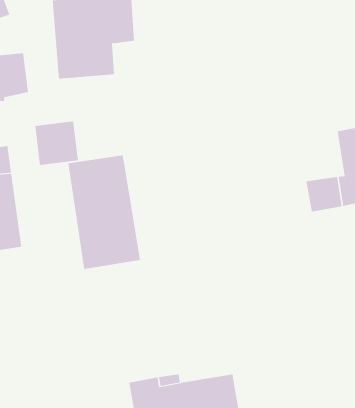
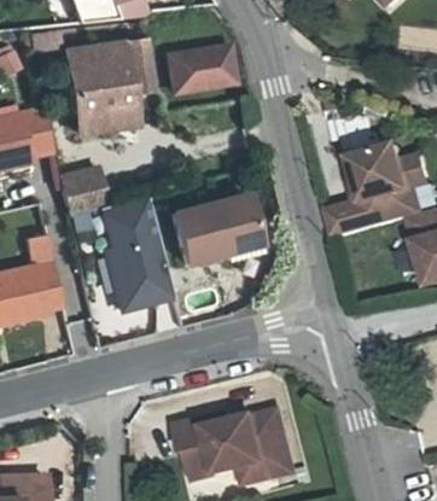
building: none -> [163,47,231,92]
building: none -> [176,200,263,269]

